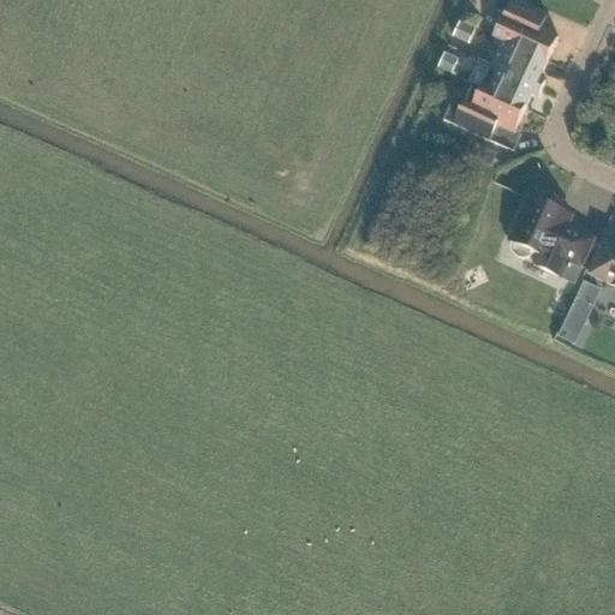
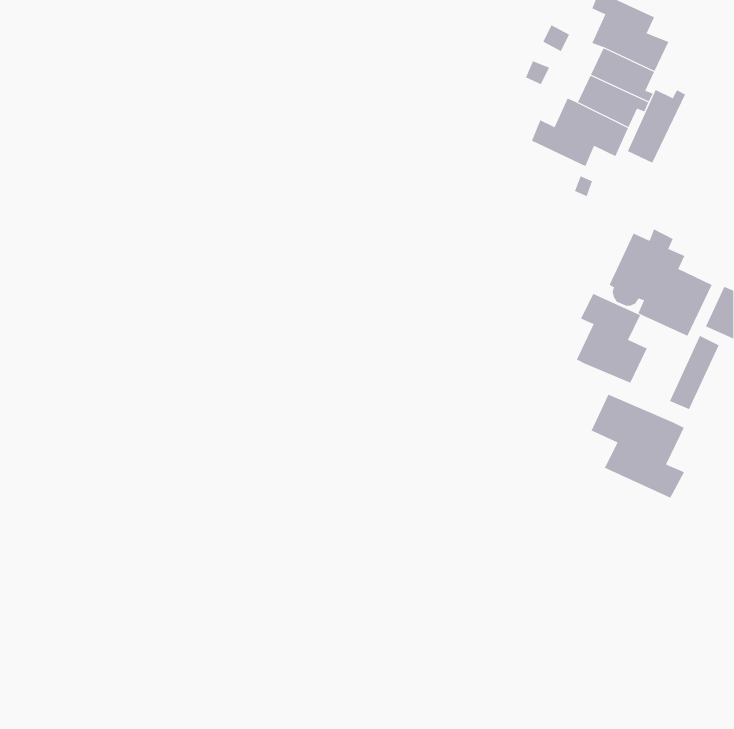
building: none -> [627,89,686,163]
building: none -> [576,293,647,384]
building: none -> [591,394,685,499]

